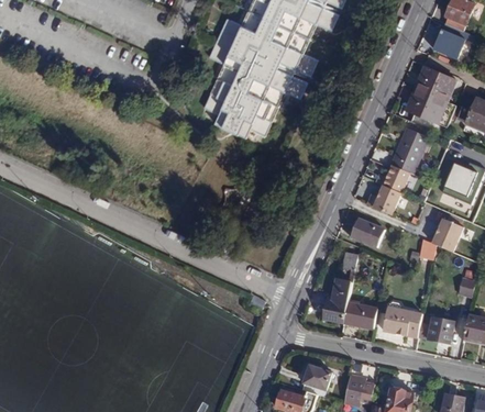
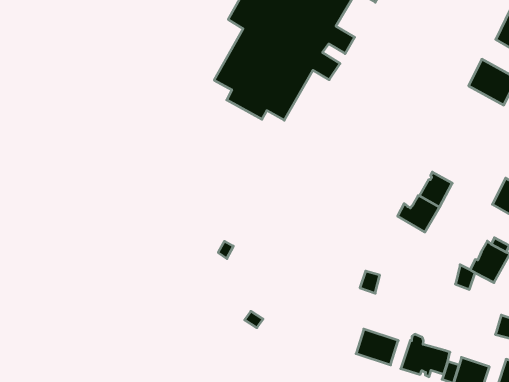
building: [406,89,445,122] -> none
building: [390,126,428,172] -> none
building: [351,218,383,245] -> none
building: [323,277,351,321] -> none

